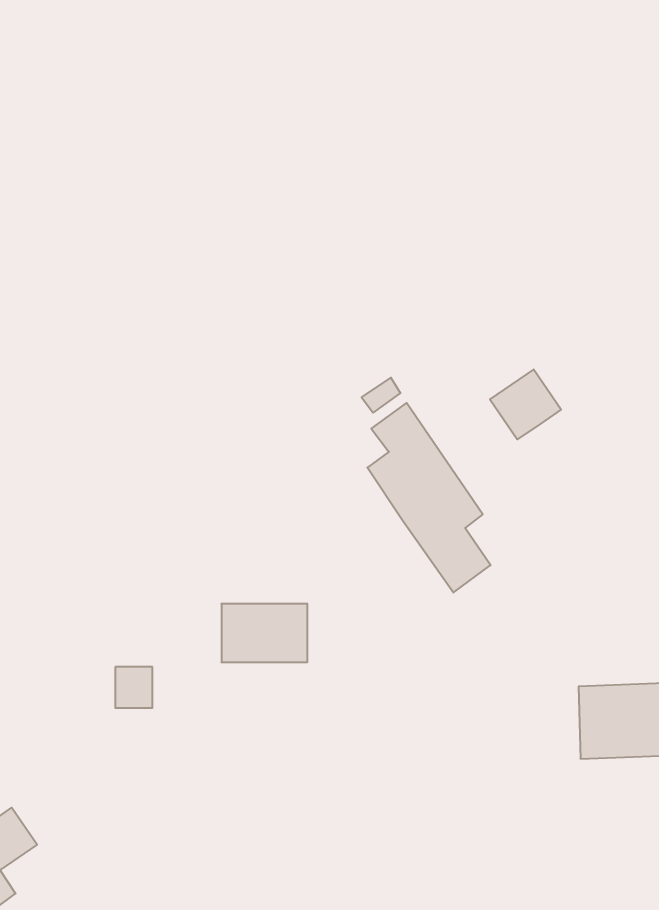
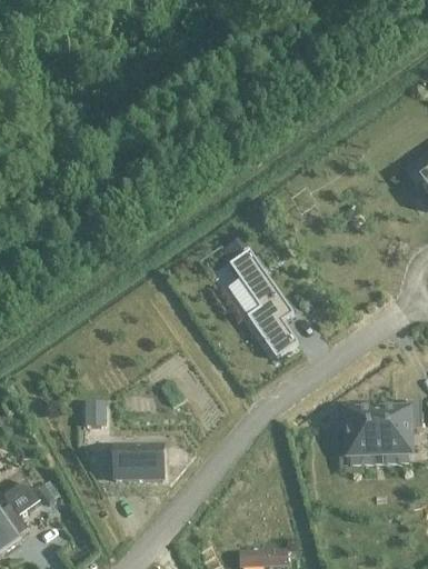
building: [490,369,561,439] -> none
building: [221,604,307,662] -> [112,446,161,479]

